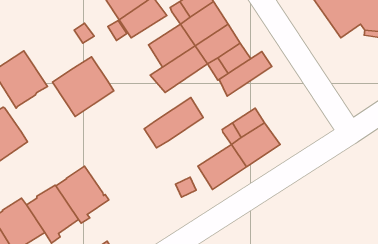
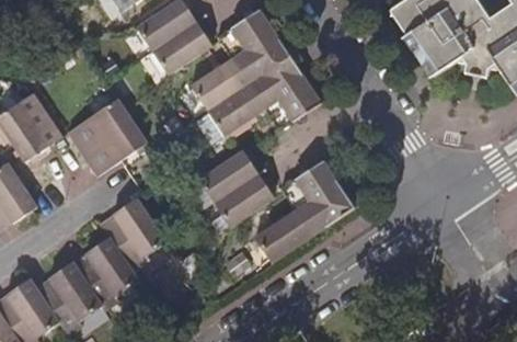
building: [219,52,272,96] -> none
building: none -> [217,174,276,226]
building: none -> [101,196,165,270]

